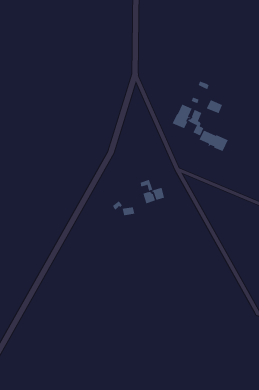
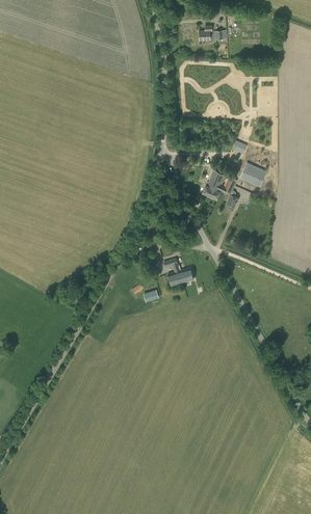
building: [199,130,228,152] -> none

